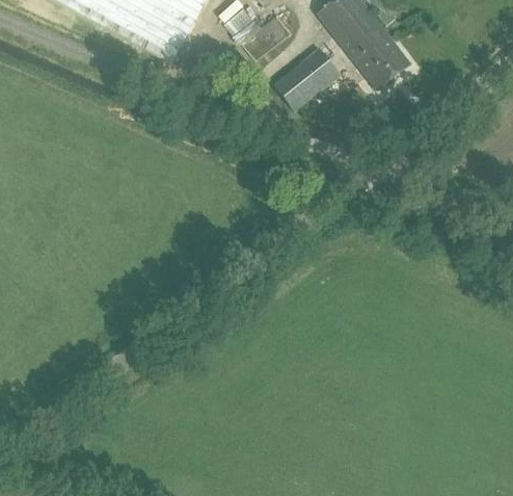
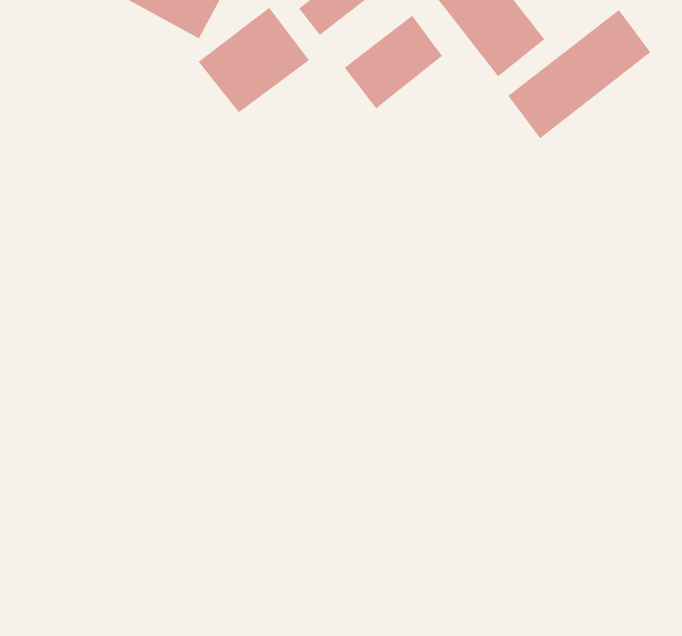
building: none -> [198,7,310,113]
building: none -> [508,9,651,139]

